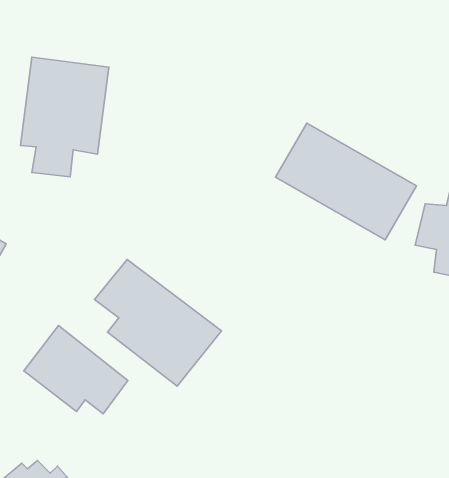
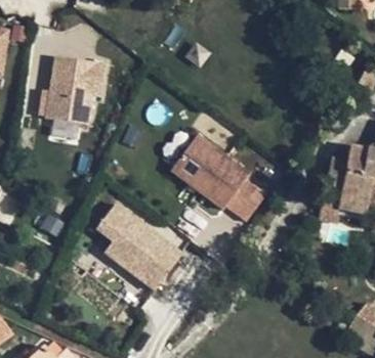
building: [275,123,416,240] -> [169,137,270,221]
building: [24,325,128,414] -> none

